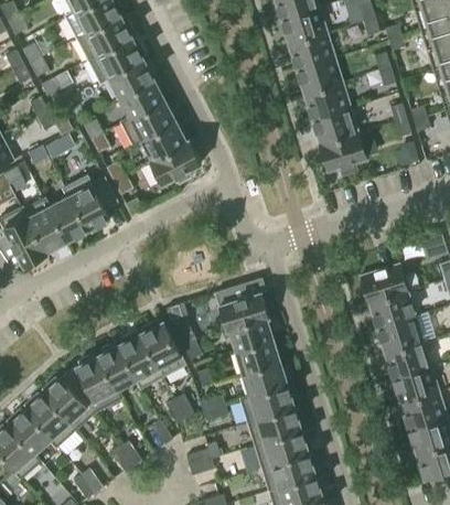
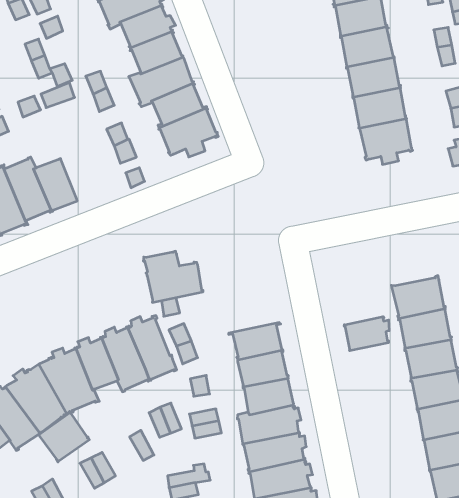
building: [63,175,117,230] -> none
building: [215,284,268,330] -> [143,251,203,302]
building: none -> [344,317,389,351]
building: none -> [38,413,89,462]

